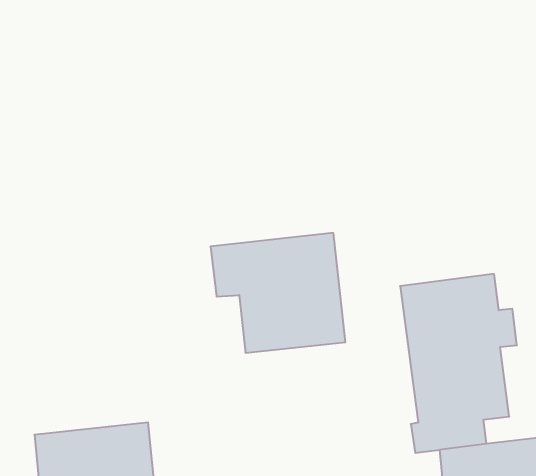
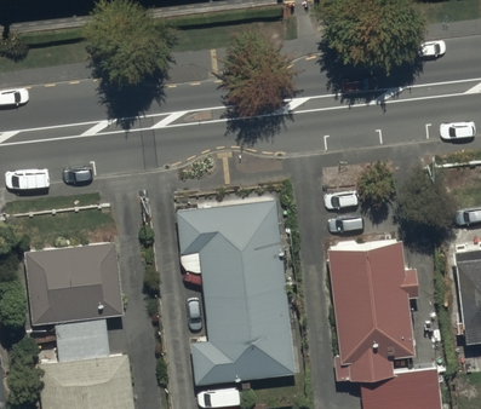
building: none -> [24,249,122,330]
building: none -> [191,293,293,388]

